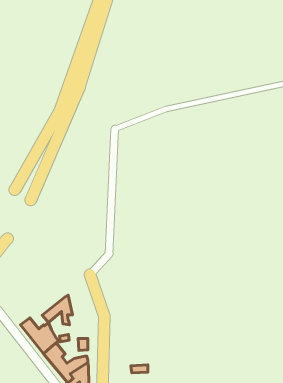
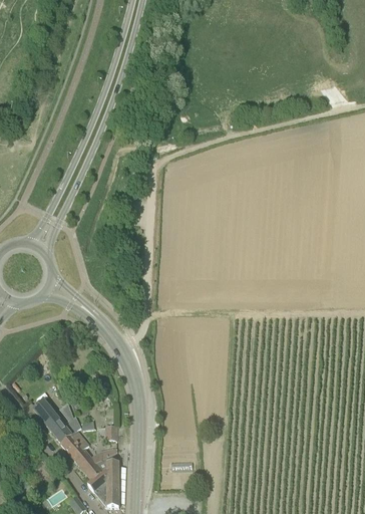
building: [42,295,73,325] -> none

